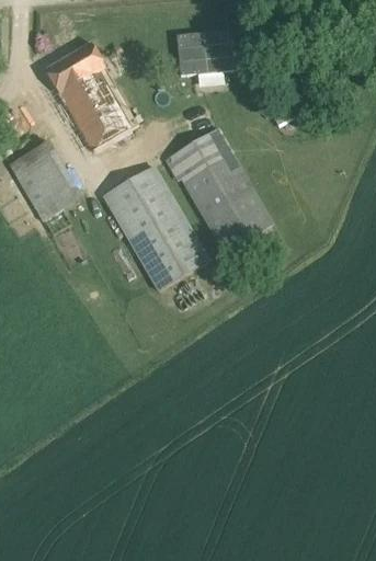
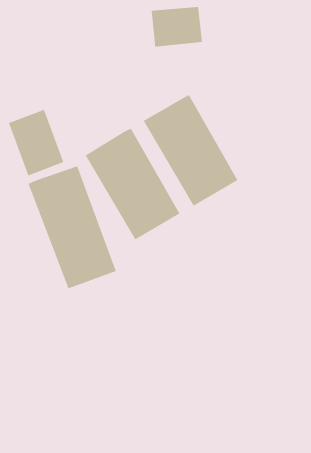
building: [44,43,129,148] -> none
building: none -> [28,165,116,289]

